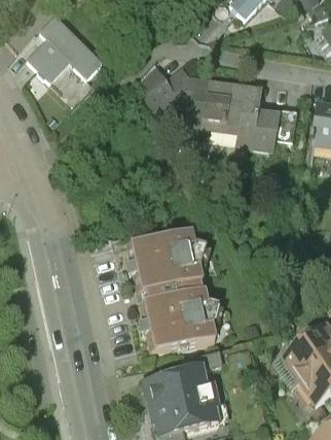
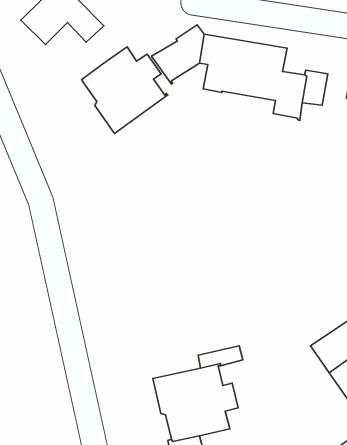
building: none -> [82,47,168,134]
building: [125,234,217,353] -> none

